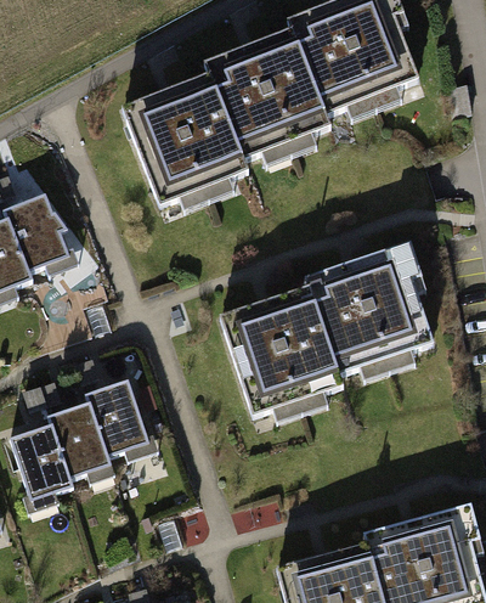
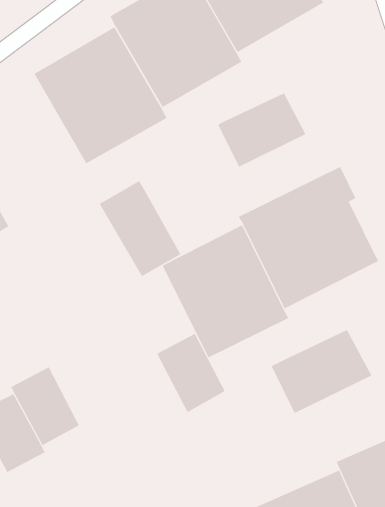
building: none -> [217,92,306,168]
building: none -> [99,180,181,277]
building: [87,382,151,460] -> [156,333,226,413]
building: none -> [271,329,372,414]

